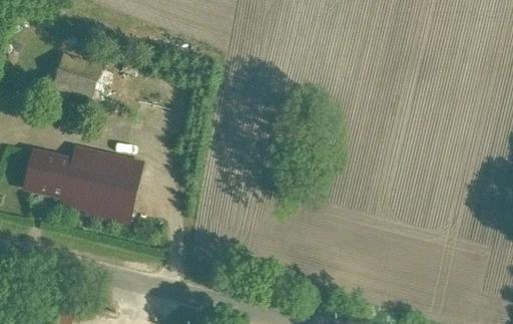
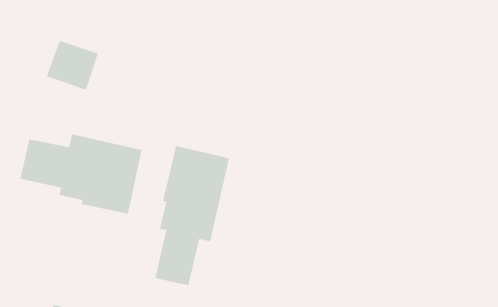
building: none -> [155,145,230,286]

